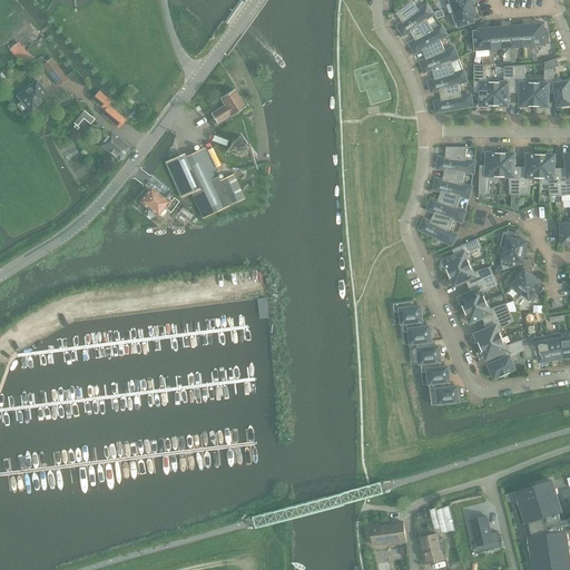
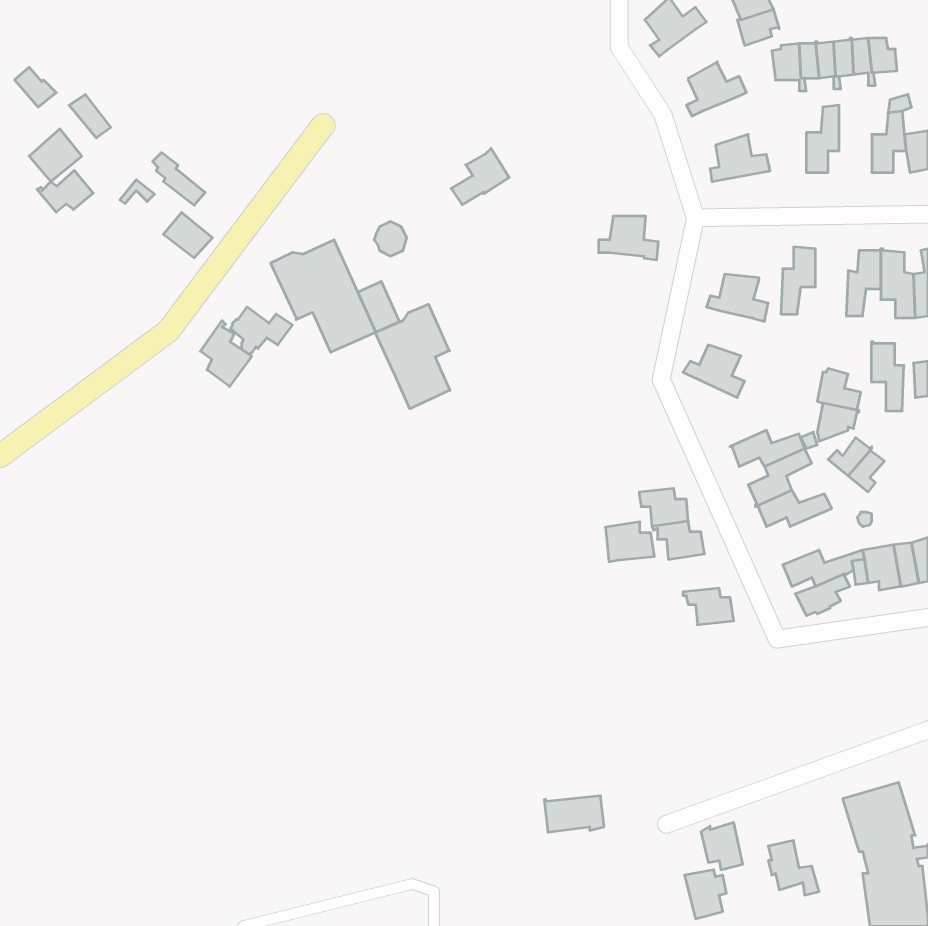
building: [410,18,446,52] -> none
building: [430,57,466,91] -> none
building: [473,65,494,106] -> none
building: [514,65,534,107] -> none
building: [210,88,246,122] -> [451,148,509,205]
building: none -> [37,170,93,212]
building: [438,146,474,173] -> [599,216,658,260]
building: [500,151,520,194] -> [871,342,904,411]
building: none -> [375,304,450,409]
building: [428,190,465,222] -> none
building: none -> [200,321,252,387]
building: [442,238,481,274] -> none
building: [474,312,513,346] -> none
building: [411,340,441,364] -> [605,522,654,562]
building: [429,381,459,404] -> none
building: [370,522,406,544] -> [544,796,604,832]

